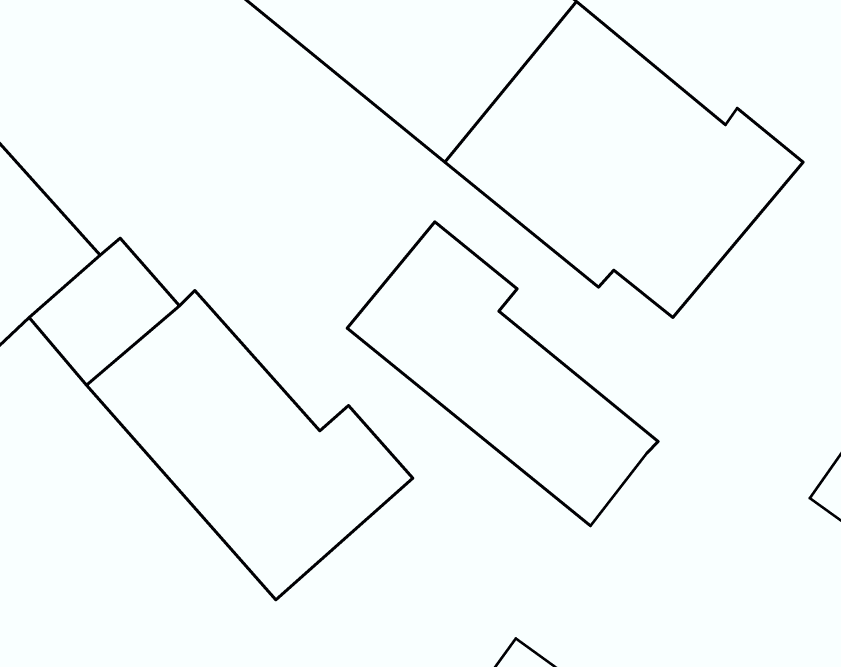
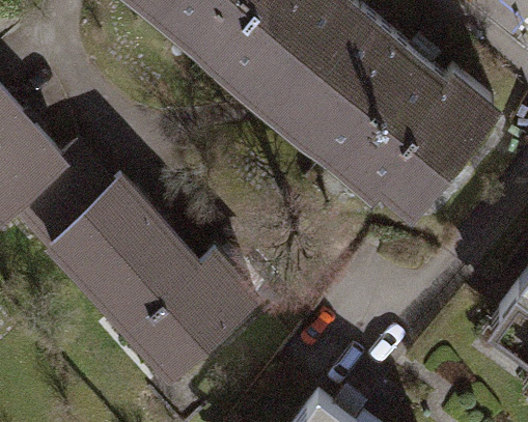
building: [347,222,658,526] -> none

